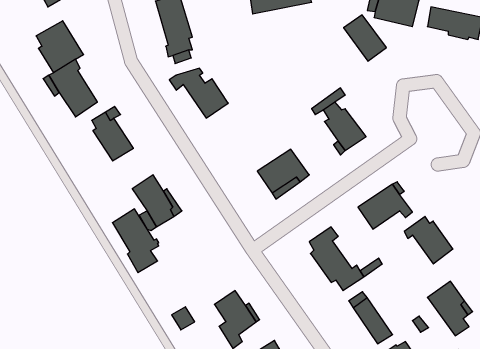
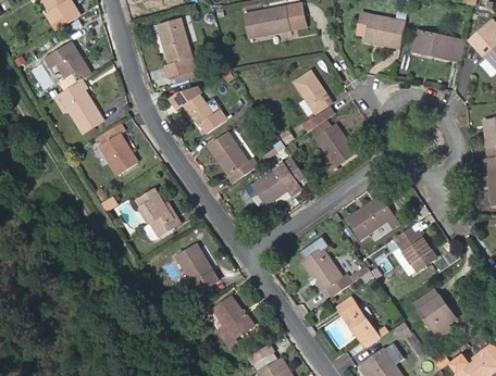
building: [344,15,386,61] -> [293,71,333,114]
building: none -> [208,134,257,184]
building: [112,209,159,273] -> [175,243,219,303]

